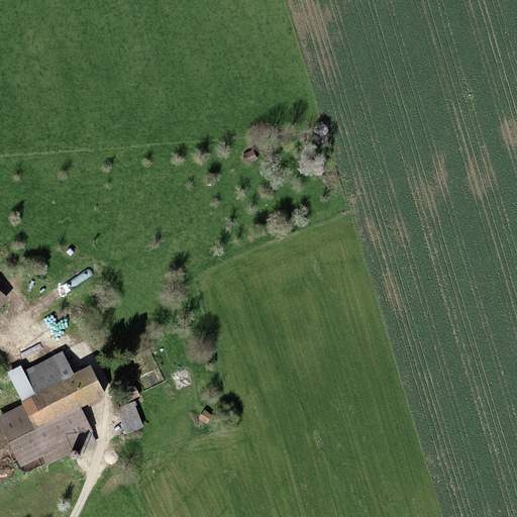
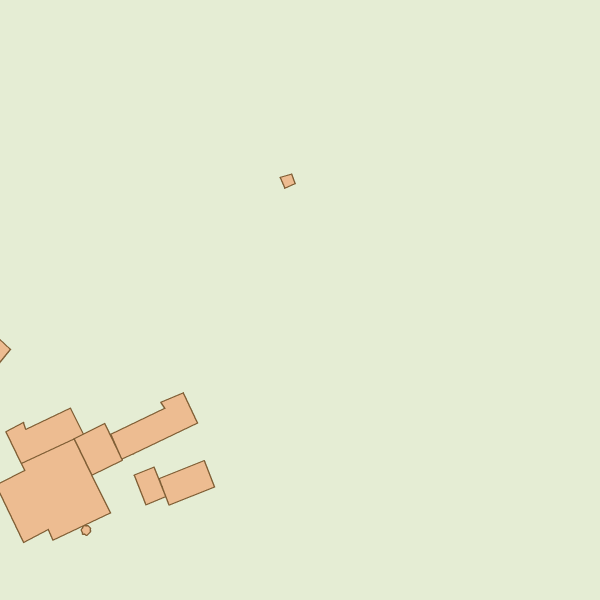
building: none -> [111,393,197,459]
building: none -> [159,461,214,505]

